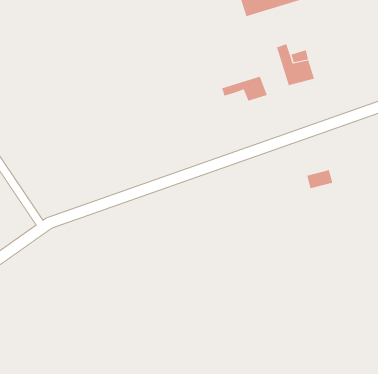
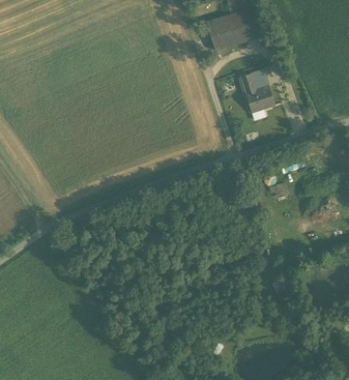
building: [222,76,267,102] -> none

